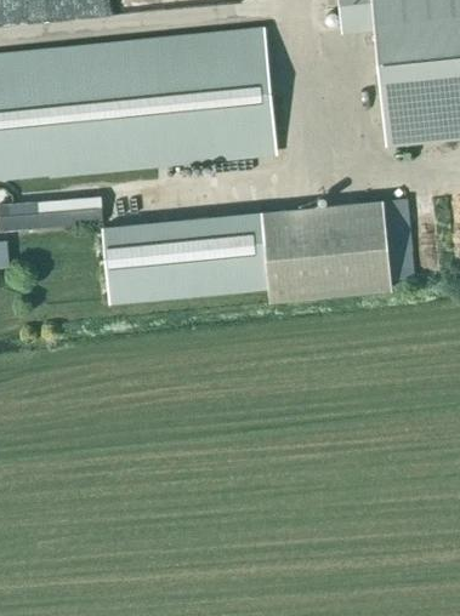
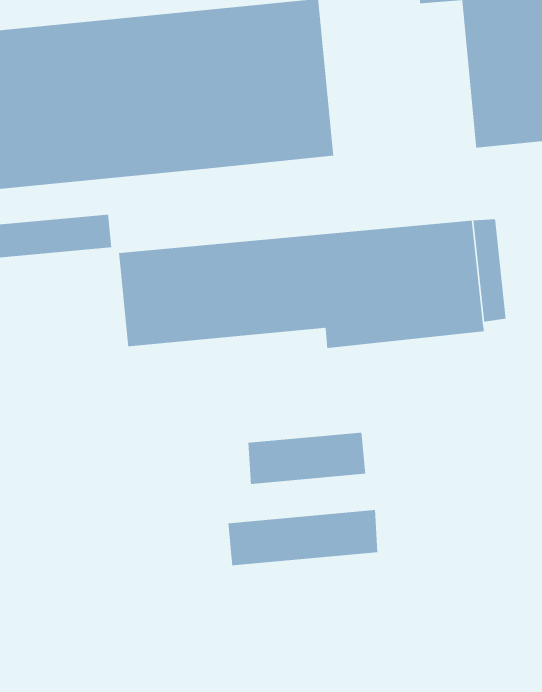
building: none -> [248,432,366,485]
building: none -> [227,509,378,566]

